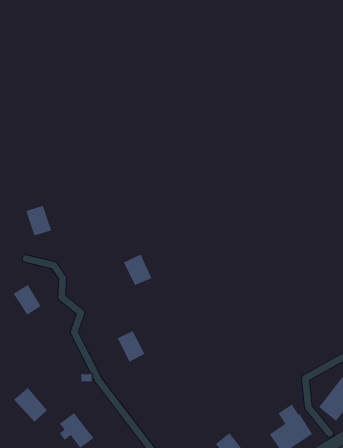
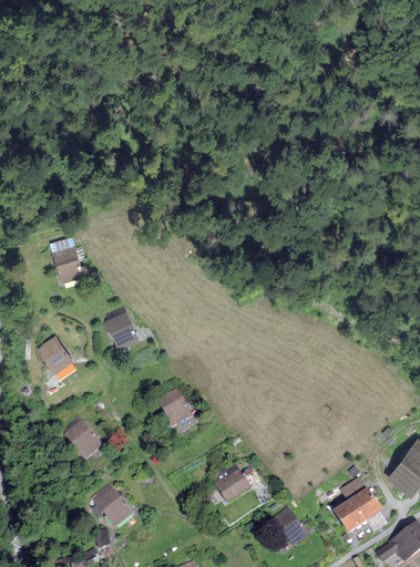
building: [123,253,153,286] -> [105,311,140,349]
building: [13,387,48,423] -> [61,419,101,460]
building: none -> [211,463,249,504]

